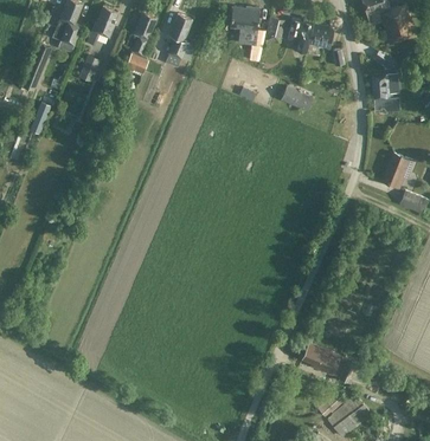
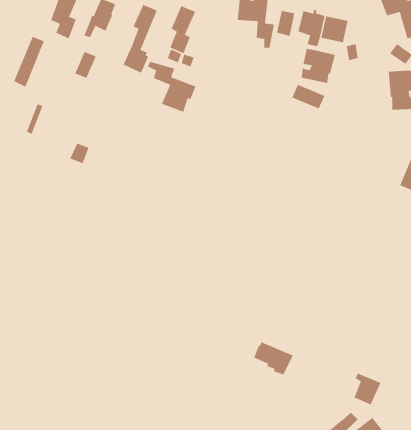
building: none -> [301,48,336,84]
building: none -> [147,60,196,113]
building: [302,342,340,374] -> [253,341,294,376]

